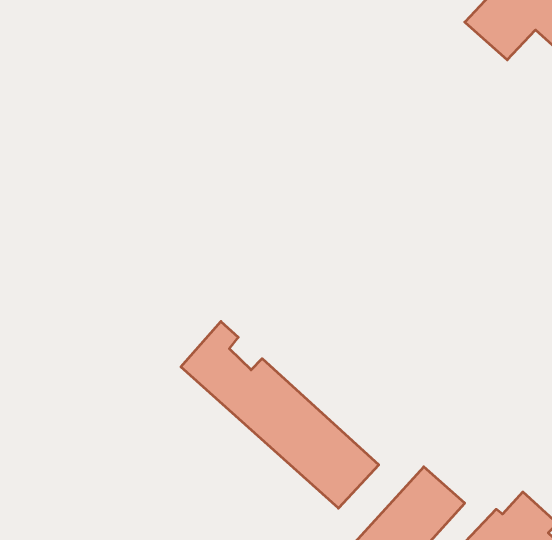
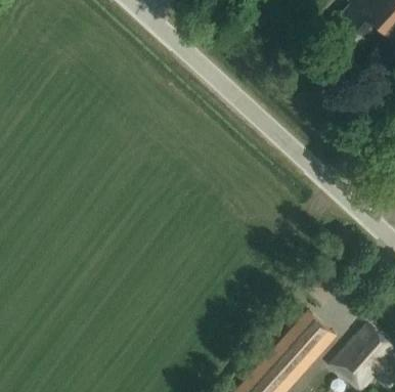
building: [181,321,379,508] -> none

